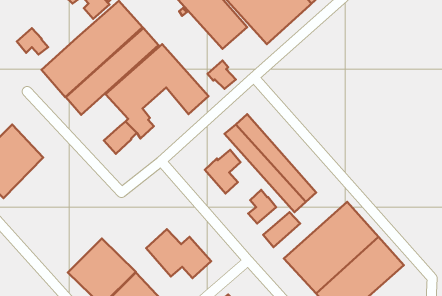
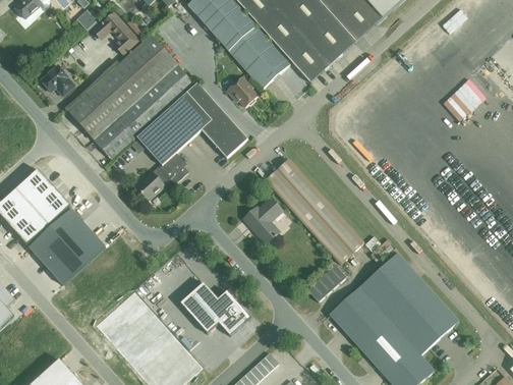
building: [207,61,236,89] -> [227,75,258,106]
building: none -> [28,208,105,284]
building: [248,190,276,224] -> none

